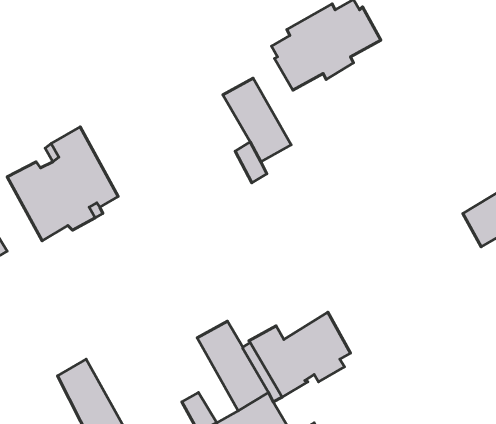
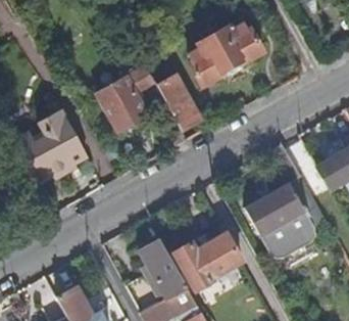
building: none -> [98,52,154,130]
building: none -> [245,144,316,257]

